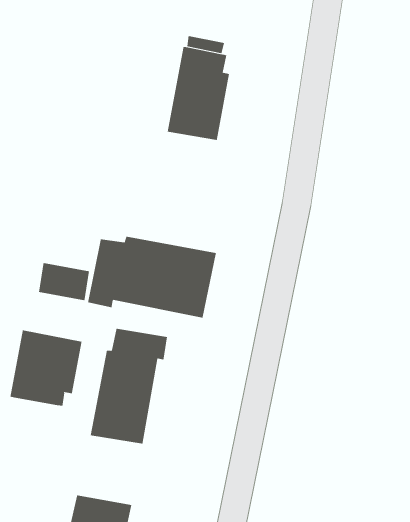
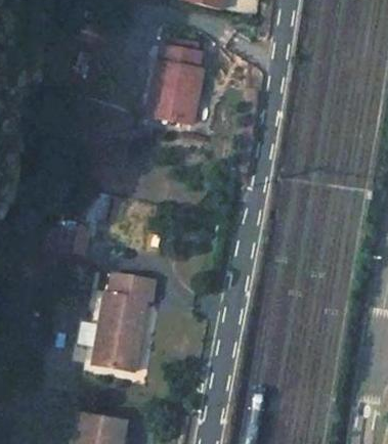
building: [87,236,216,319] -> none
building: [10,330,82,407] -> none

